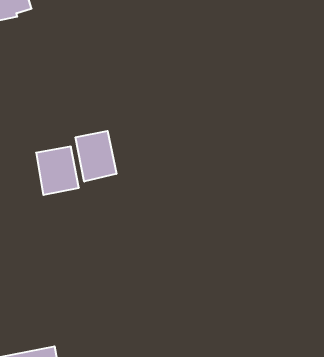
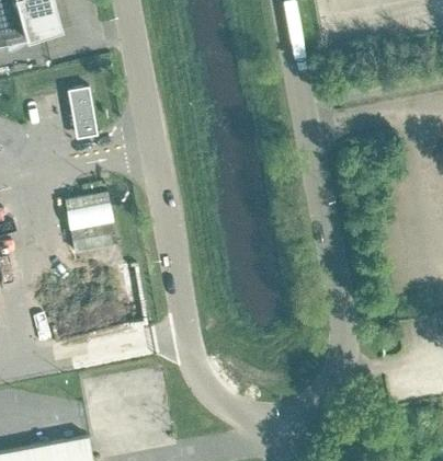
building: none -> [67,88,96,136]
building: [76,131,116,182] -> none

